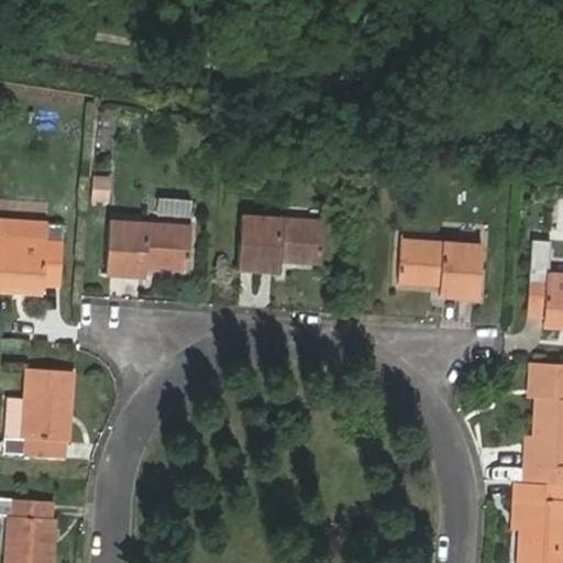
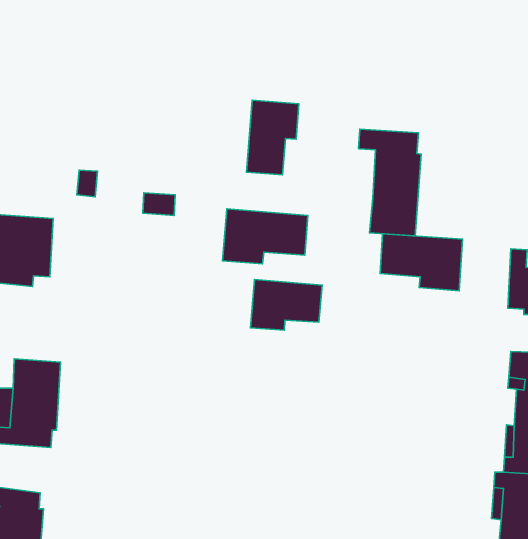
building: none -> [246,100,299,175]
building: none -> [359,129,421,236]
building: [106,220,191,276] -> none
building: none -> [251,280,322,330]

